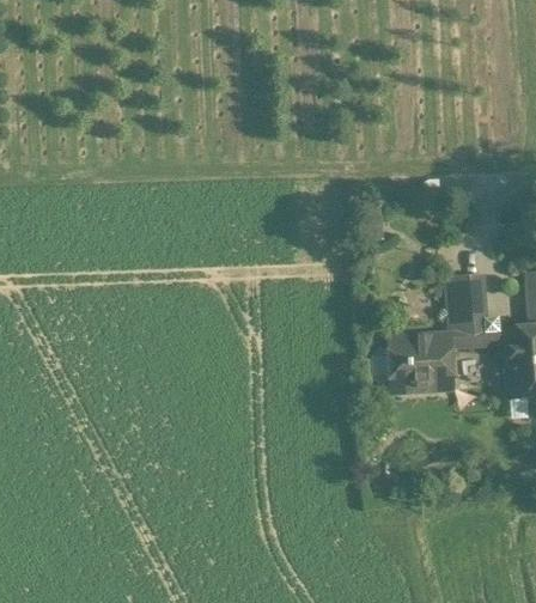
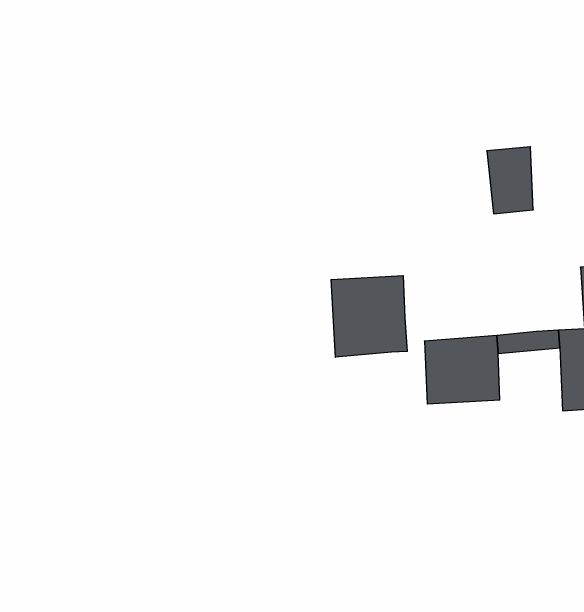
building: [445,274,486,333] -> [487,147,533,214]
building: none -> [331,276,407,357]

